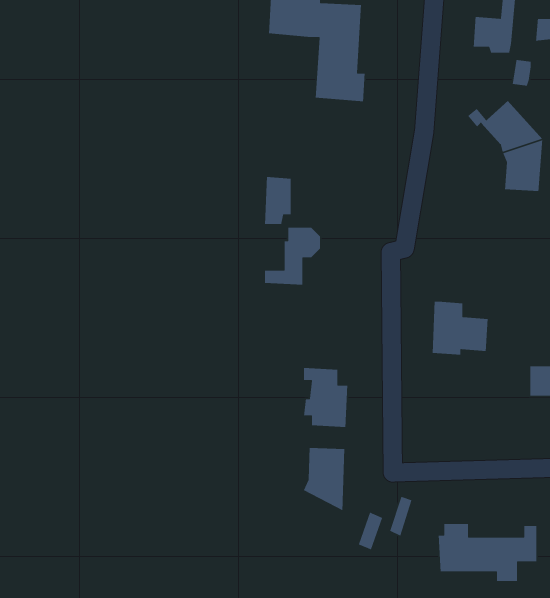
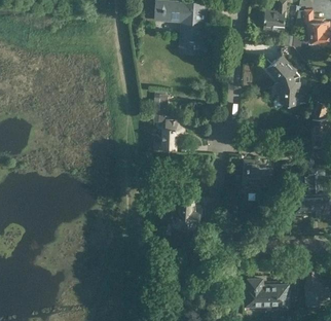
building: [303,447,345,511] -> none

